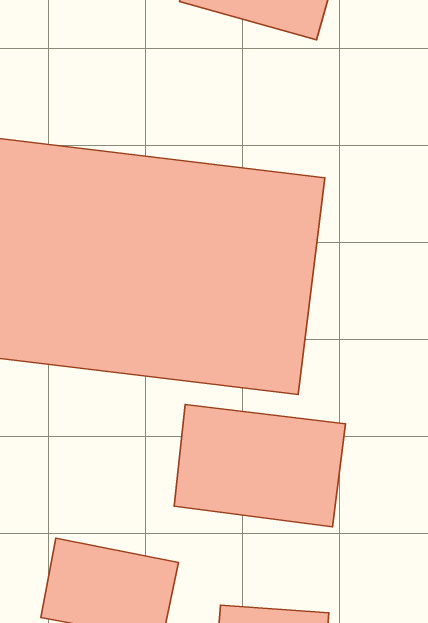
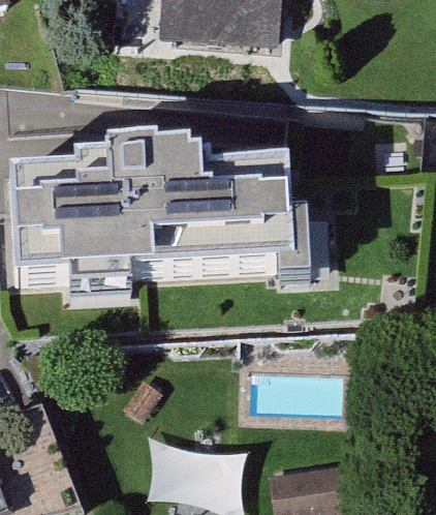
building: [174,404,346,527] -> none

